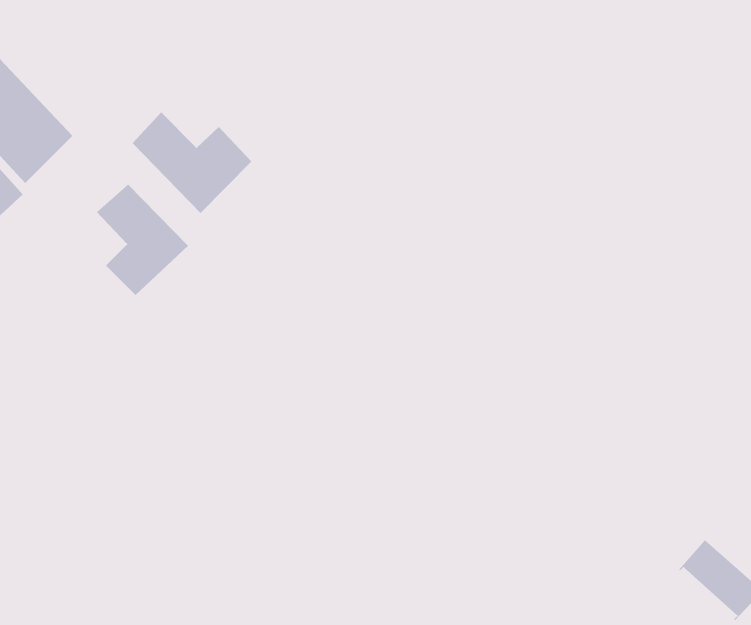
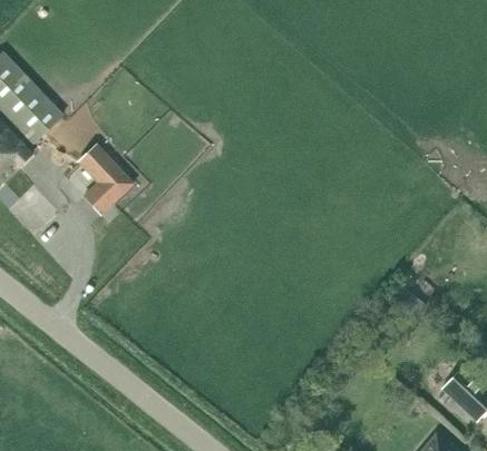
building: [132,111,252,214] -> none

